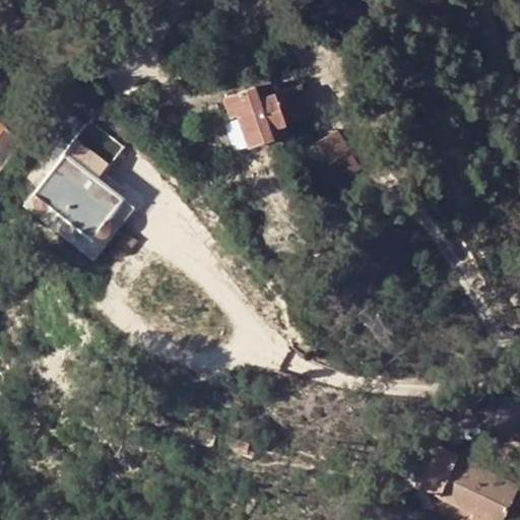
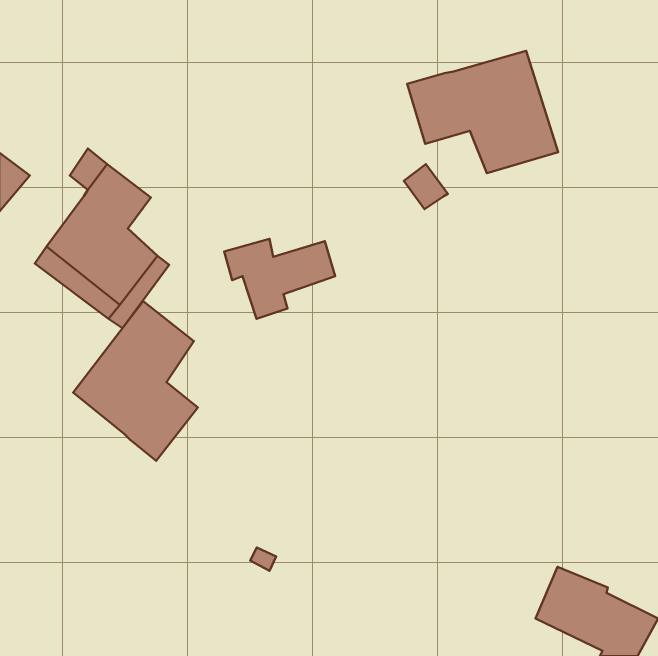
building: none -> [407,51,558,173]
building: [222,85,310,148] -> [224,239,335,319]
building: none -> [73,301,198,461]

